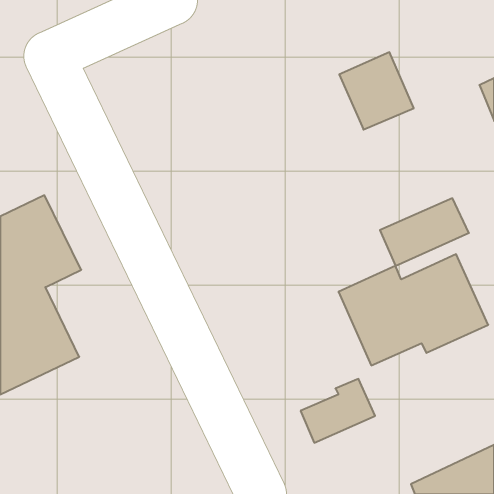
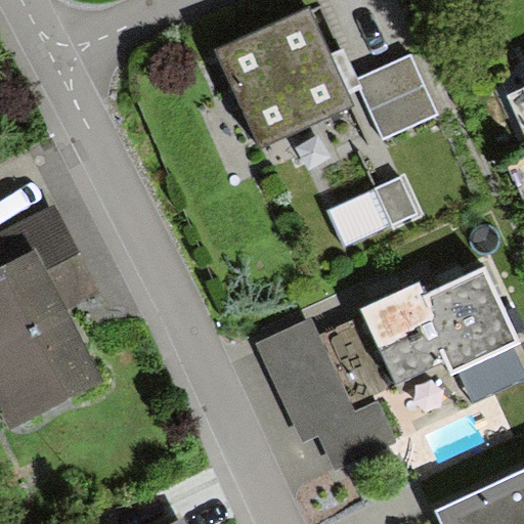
building: none -> [214,4,355,148]
building: [380,198,469,266] -> [325,176,420,248]
building: none -> [258,319,358,442]

